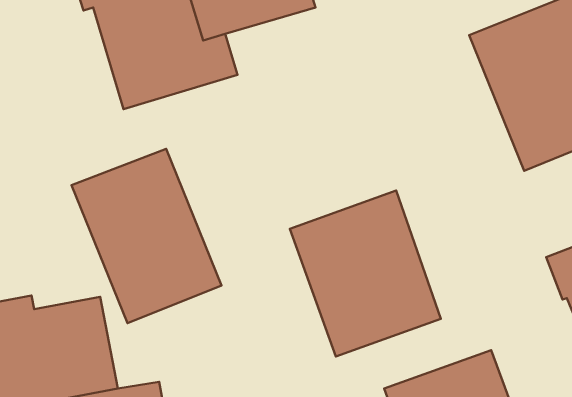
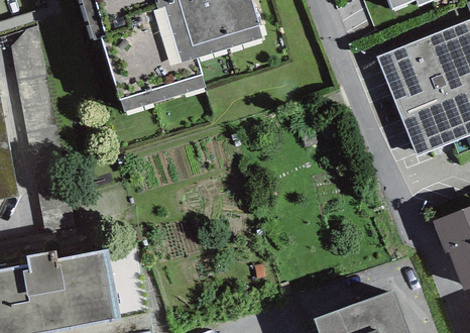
building: [71,149,221,323] -> none
building: [290,190,441,357] -> none

